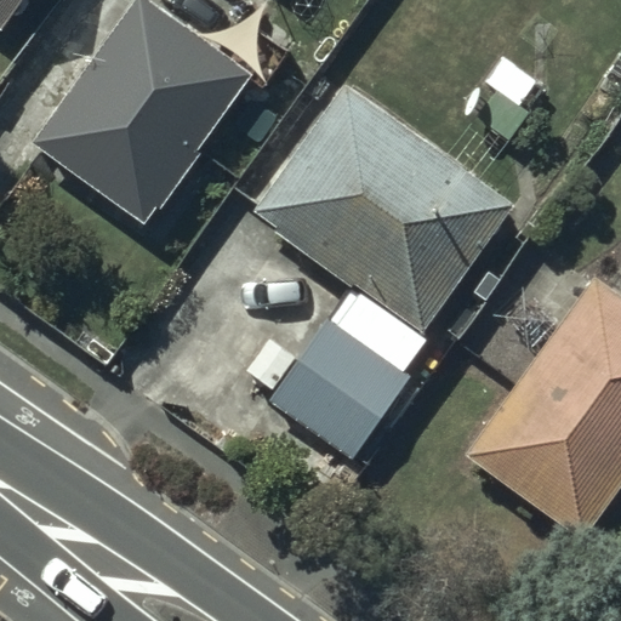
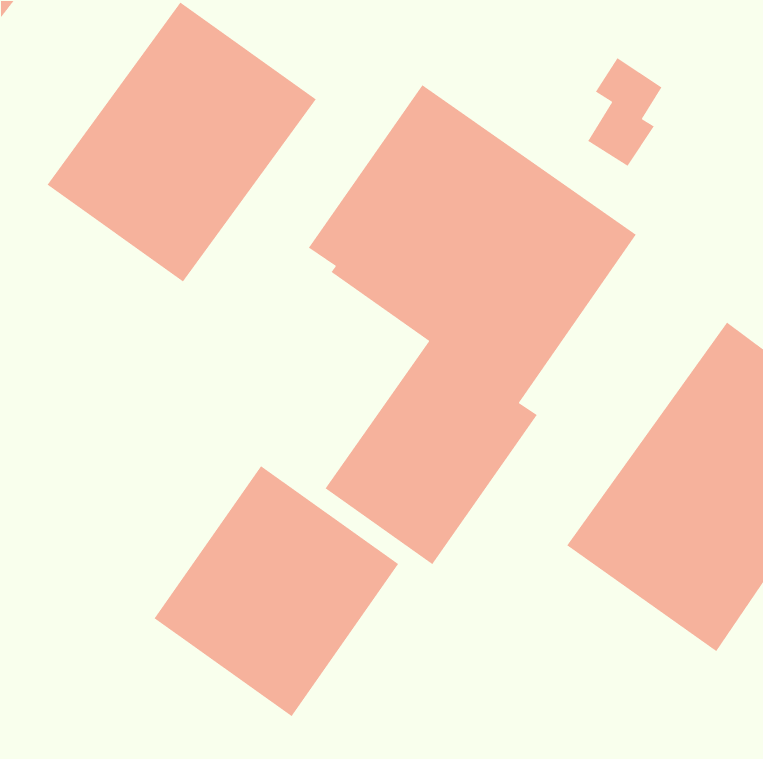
building: none -> [154,465,399,717]

